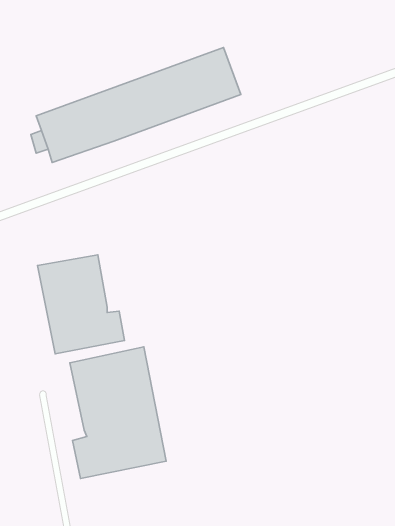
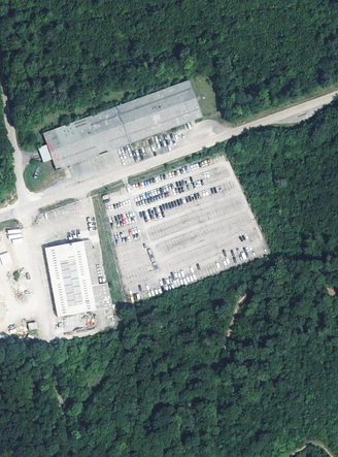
building: [70,347,166,479] -> none

